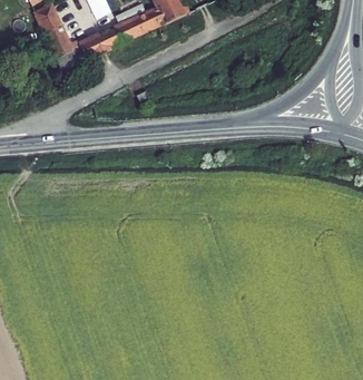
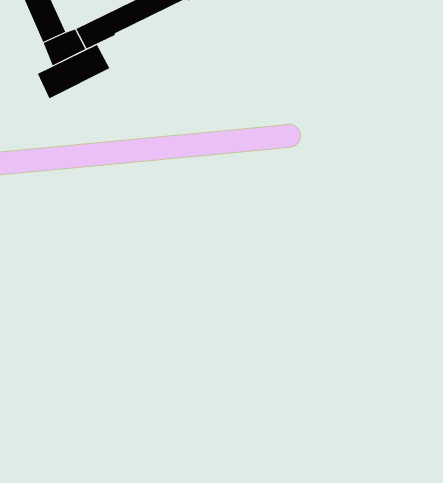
building: none -> [37,44,110,99]

